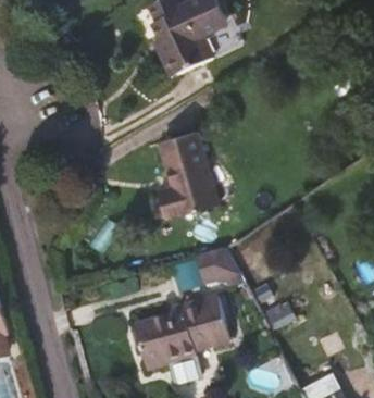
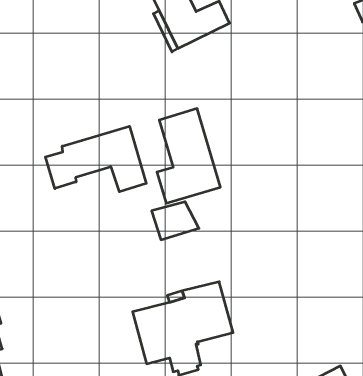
building: none -> [45,126,146,192]
building: [192,248,237,284] -> [152,202,199,240]

